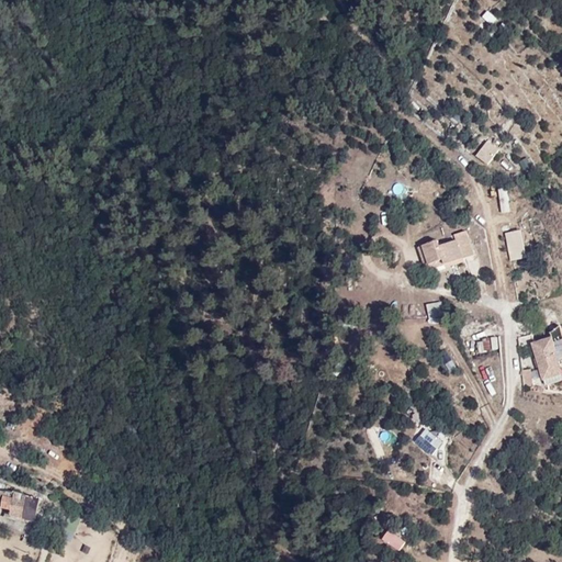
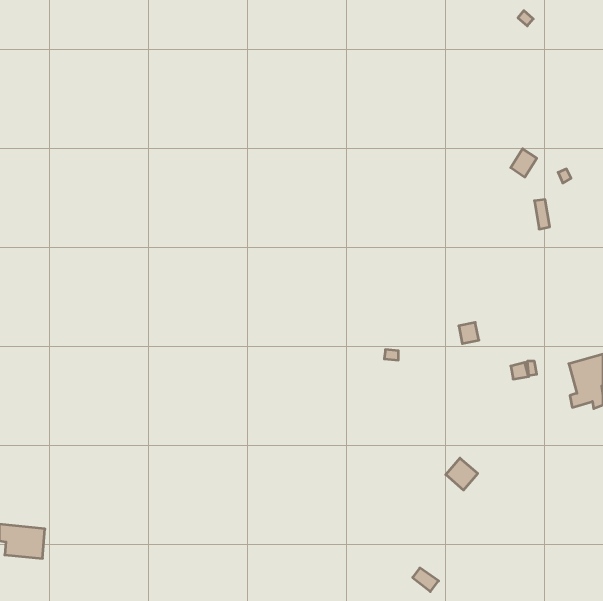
building: [417,231,474,266] -> none
building: [503,231,525,262] -> none

